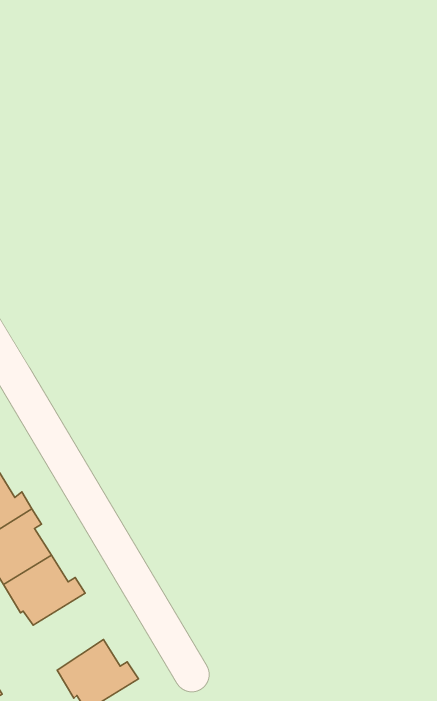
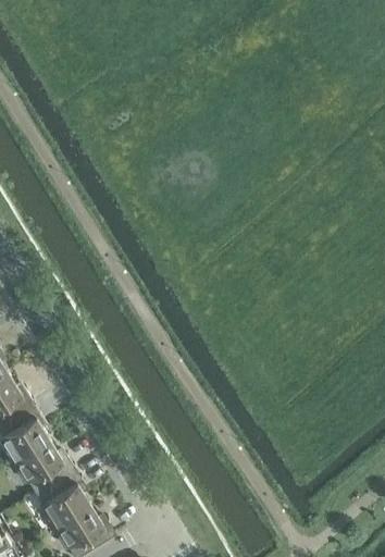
building: none -> [35,467,89,527]

